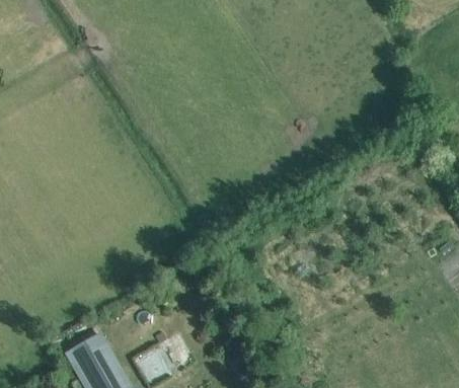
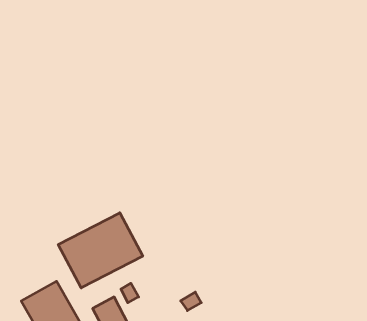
building: none -> [58,213,143,288]

